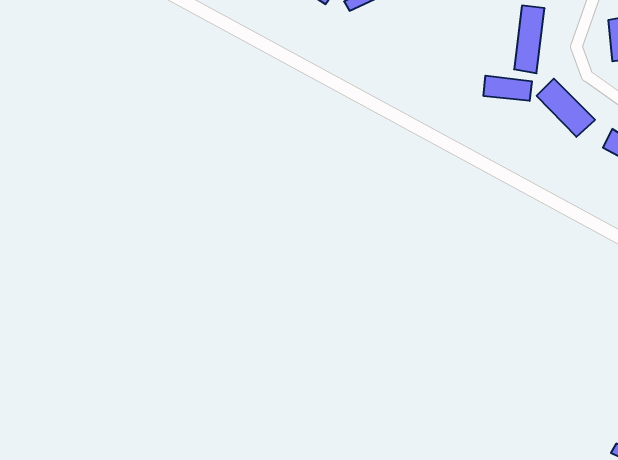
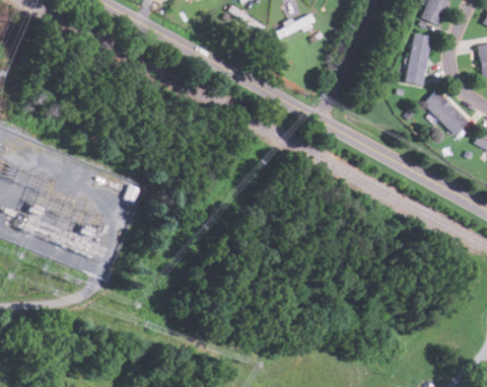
building: [484,76,532,101] -> none

